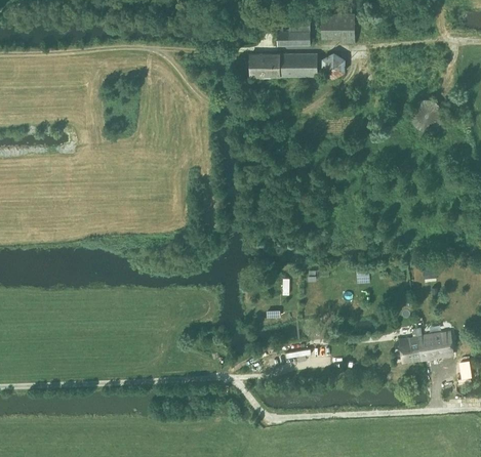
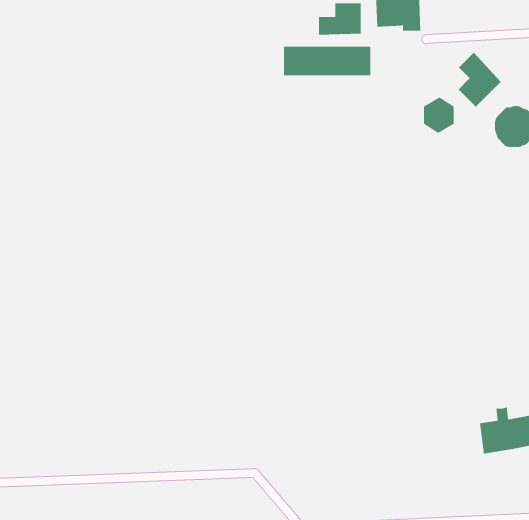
building: [320,51,344,79] -> [423,97,454,133]
building: none -> [458,52,501,107]

